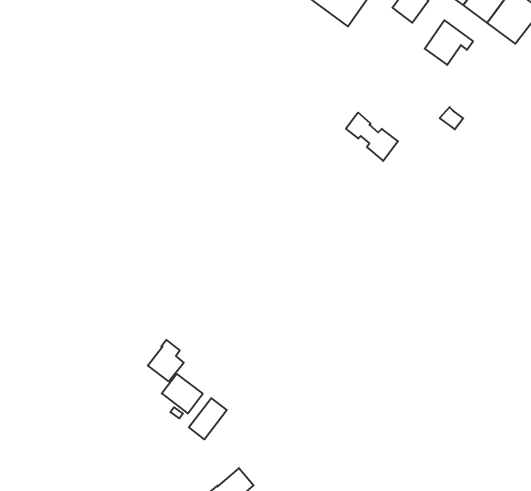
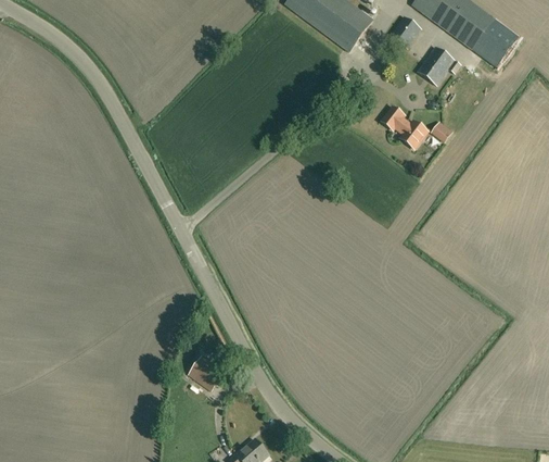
building: [346,113,398,161] -> [382,107,427,149]
building: [148,340,184,381] -> none
building: [189,398,227,439] -> none

